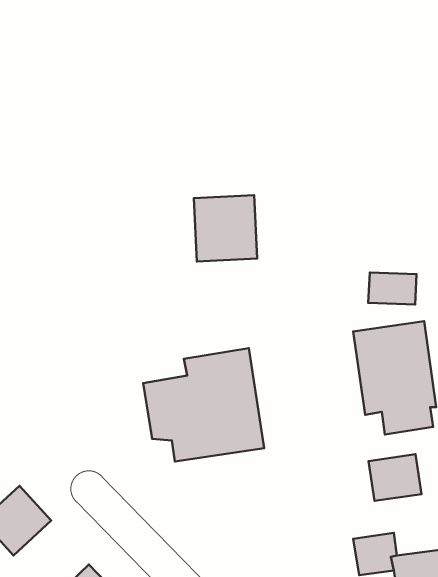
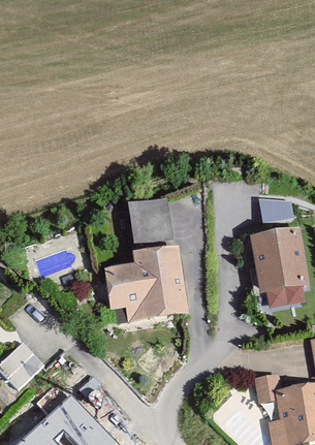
building: [194,195,257,262] -> [128,196,171,242]
building: [369,454,421,501] -> none

